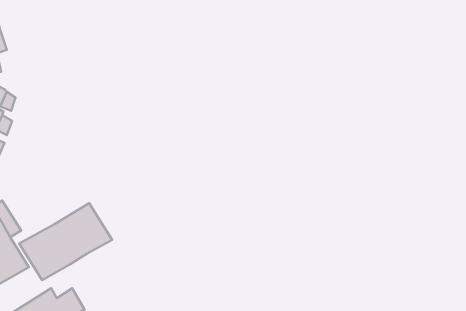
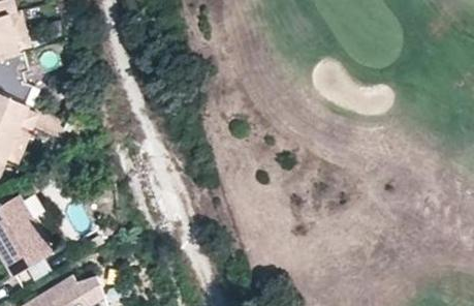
building: [19,203,112,280] -> none

